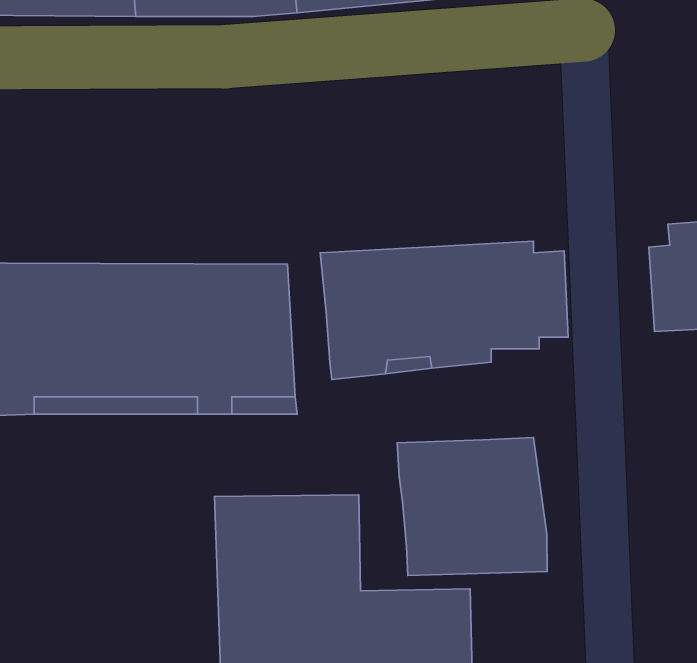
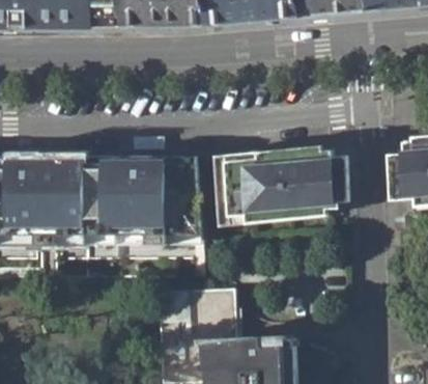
building: [397,437,547,575] -> none

